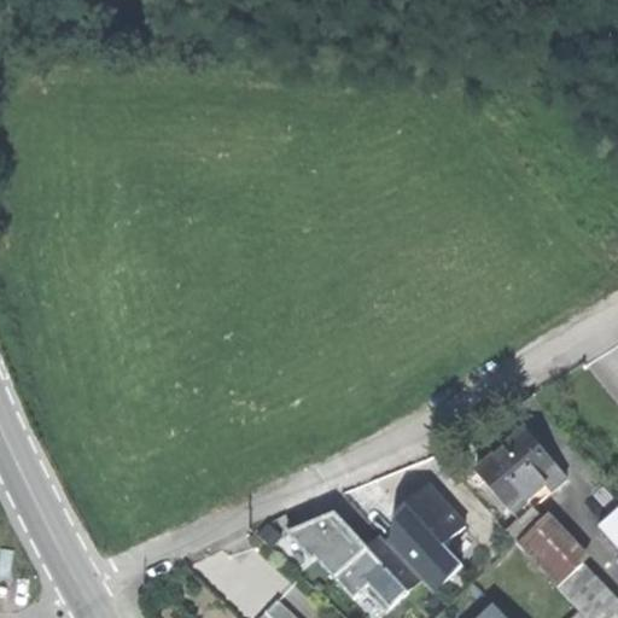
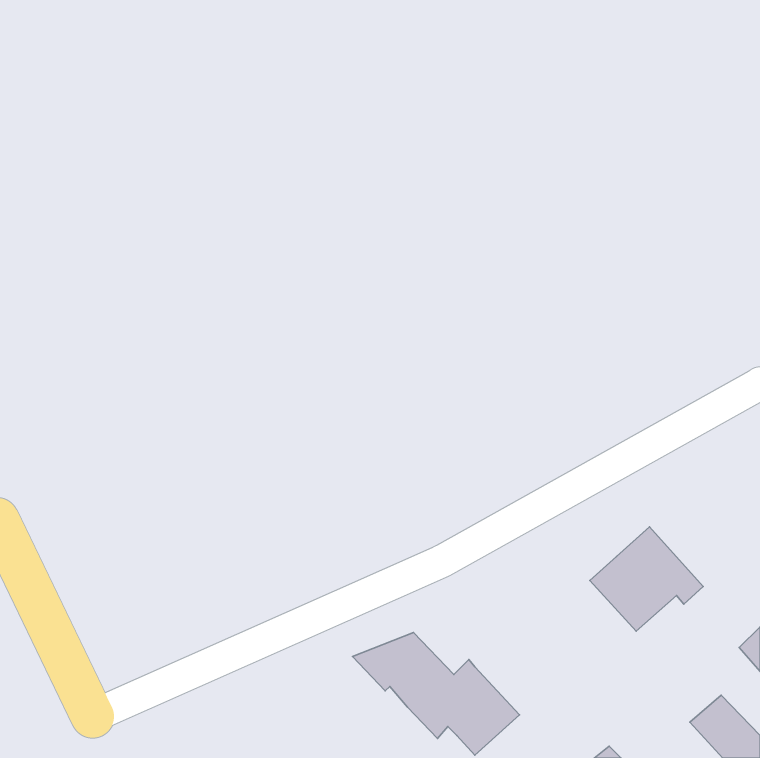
building: [384,484,464,590] -> none
building: [518,519,583,584] -> none

